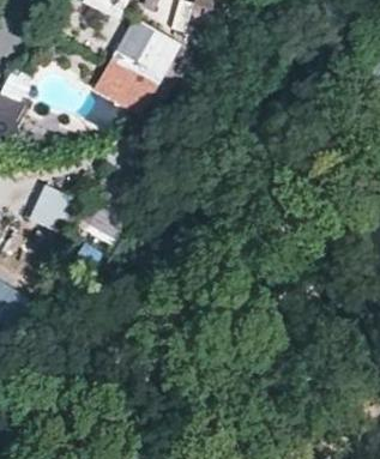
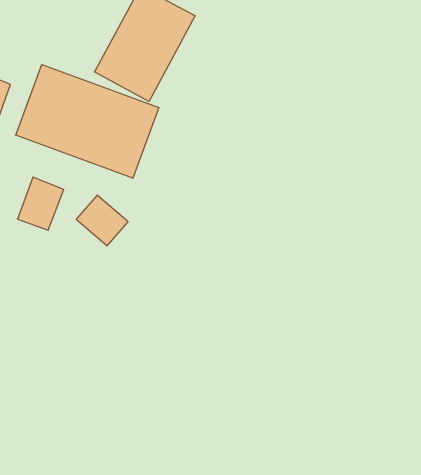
building: none -> [16,65,159,178]

